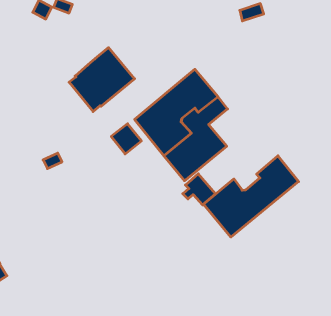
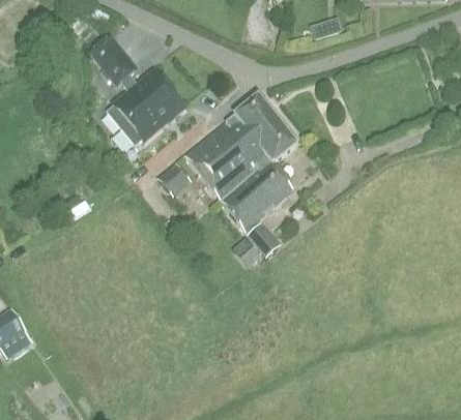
building: none -> [90,36,137,90]
building: [203,156,299,237] -> none

